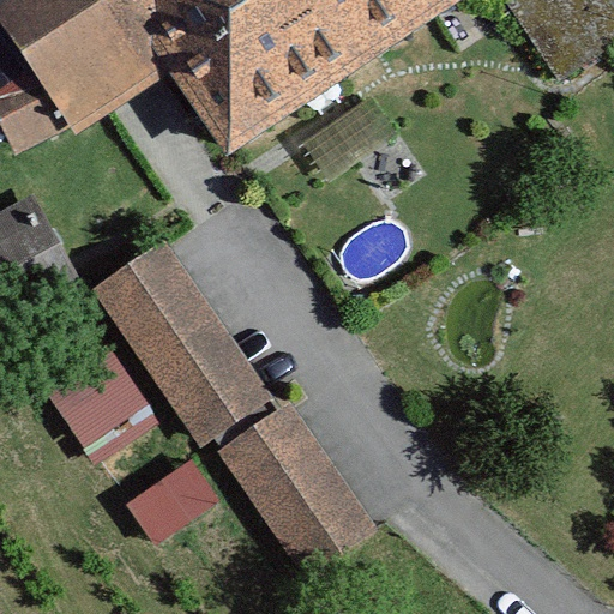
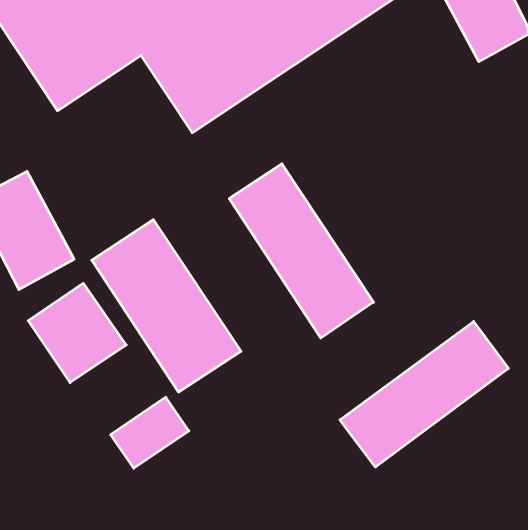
building: none -> [229,164,374,338]
building: none -> [340,321,508,467]
building: [221,410,378,578] -> none

